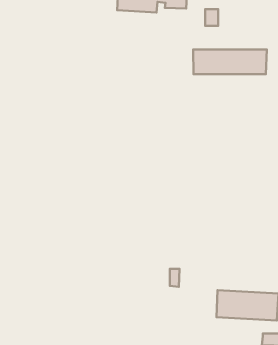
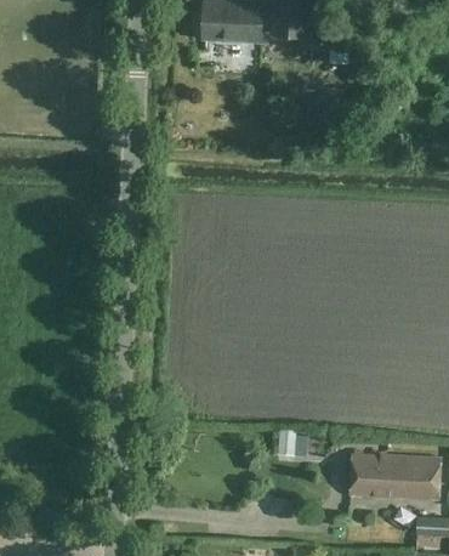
building: [193,49,267,74] -> none

